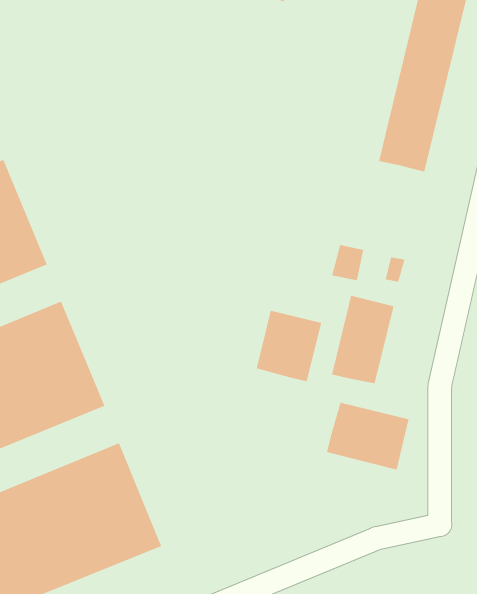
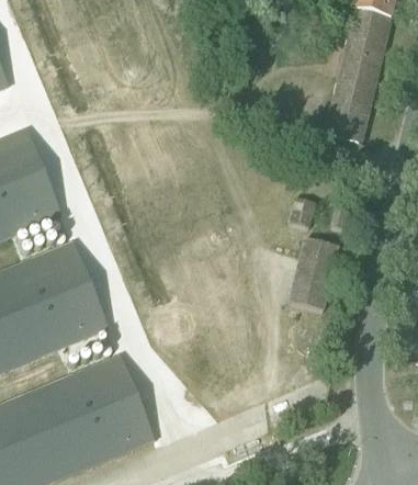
building: [256,310,322,382] -> none
building: [326,402,410,470] -> none

